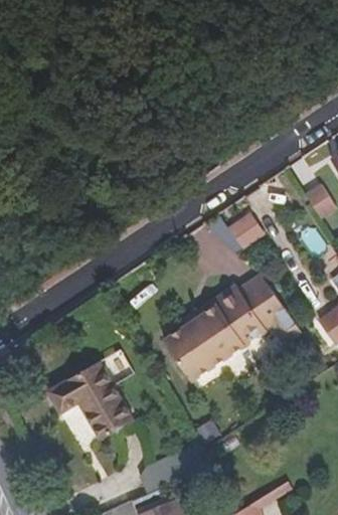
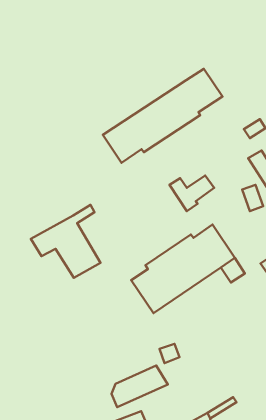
building: none -> [103,69,222,163]
building: [48,350,133,439] -> [31,205,100,278]

